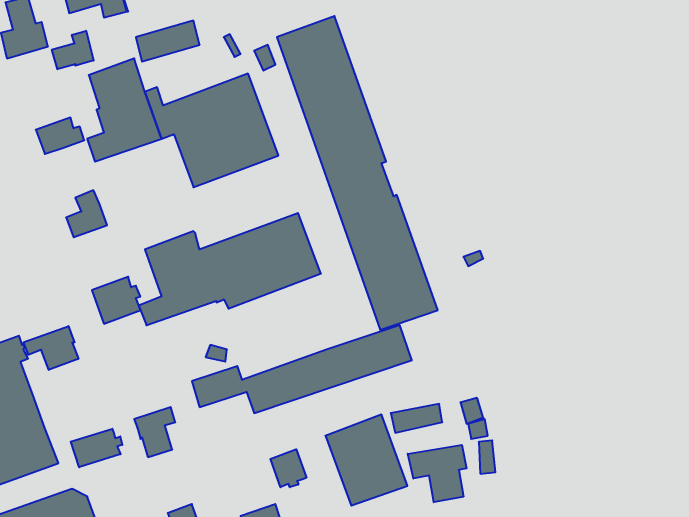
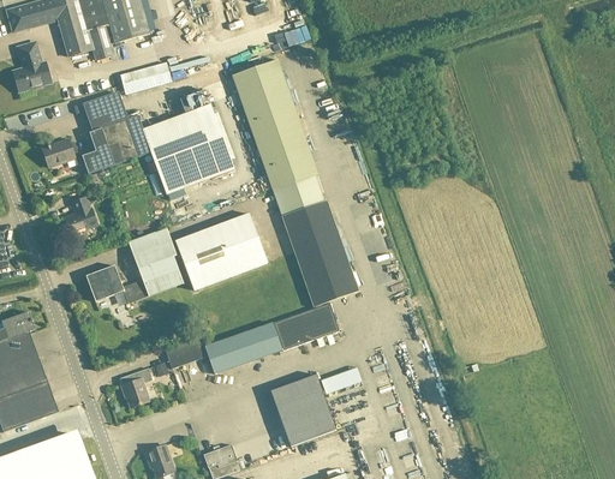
building: [52,31,94,69] -> none
building: [24,326,78,370] -> none
building: [71,429,122,467] -> none
building: [408,445,467,502] -> none
building: [270,449,306,487] -> none

